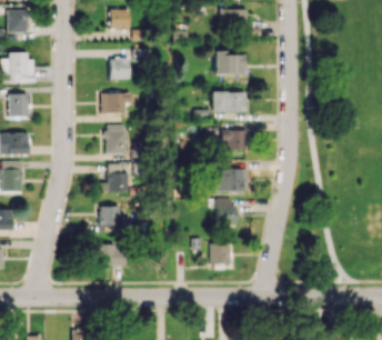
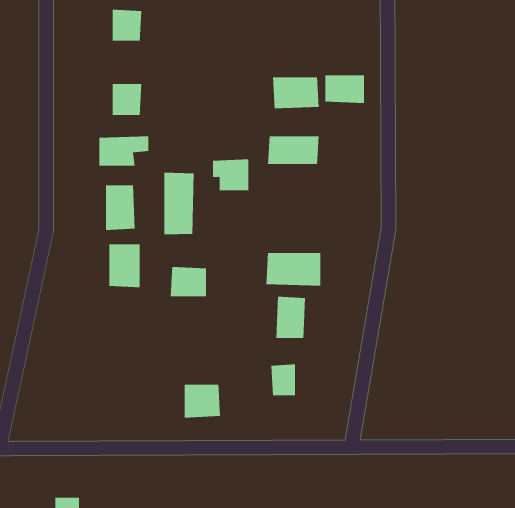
building: [221,9,248,28] -> [324,75,365,103]
building: none -> [164,172,194,235]
building: [222,129,247,150] -> [212,159,249,191]
building: [99,206,123,226] -> [170,267,207,297]
building: [96,243,120,266] -> [184,384,221,418]

